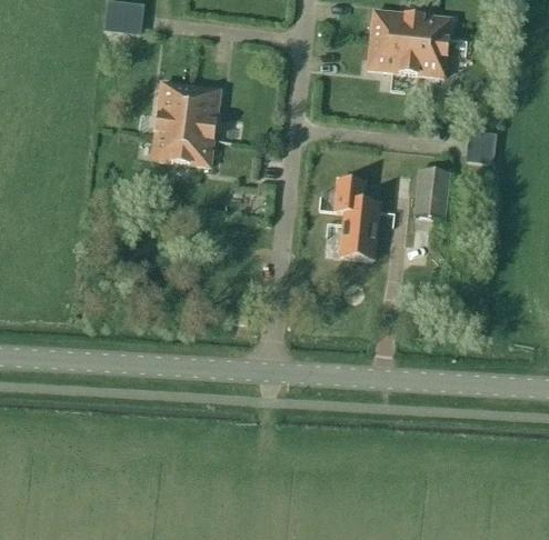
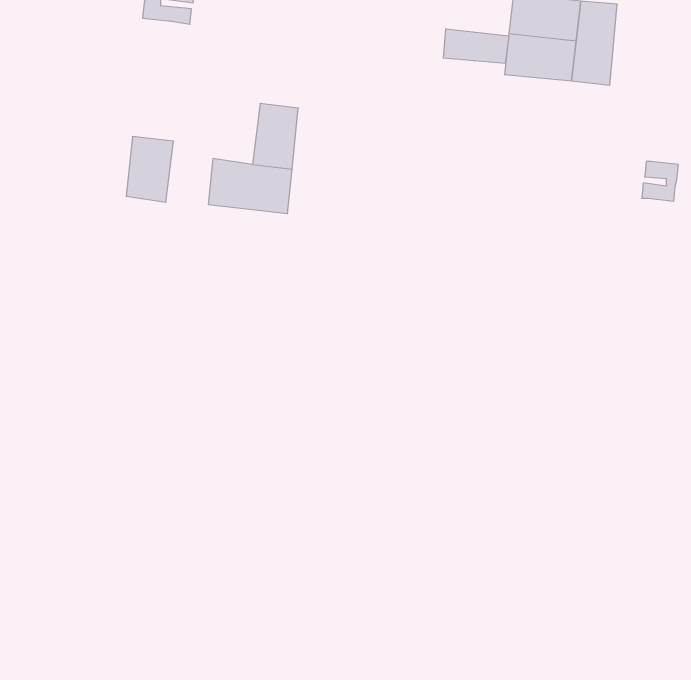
building: none -> [443,29,509,64]
building: [156,86,190,133] -> [126,137,174,202]
building: [415,166,450,217] -> none
building: [335,177,379,259] -> none

